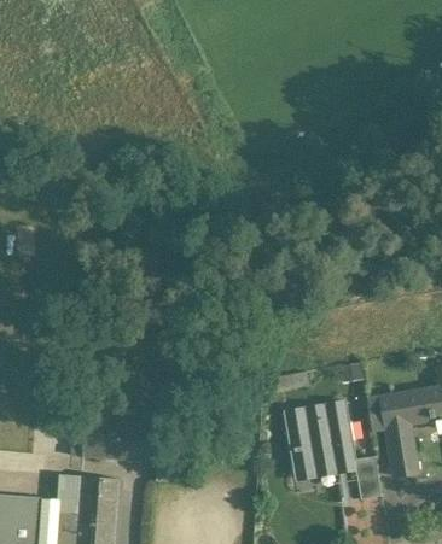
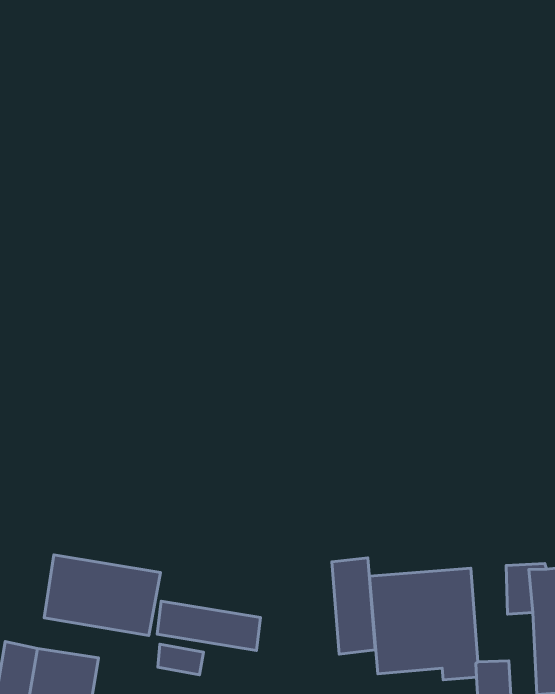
building: none -> [332,558,375,654]
building: none -> [157,601,260,650]

